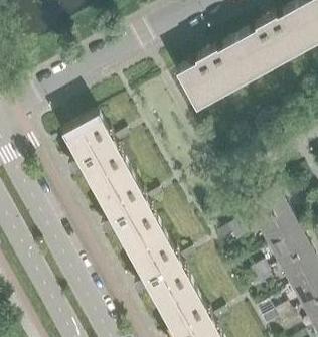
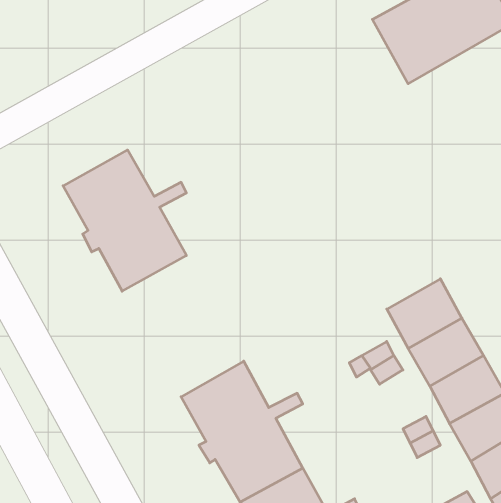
building: [177,41,257,111] -> none
building: [96,174,164,254] -> none

